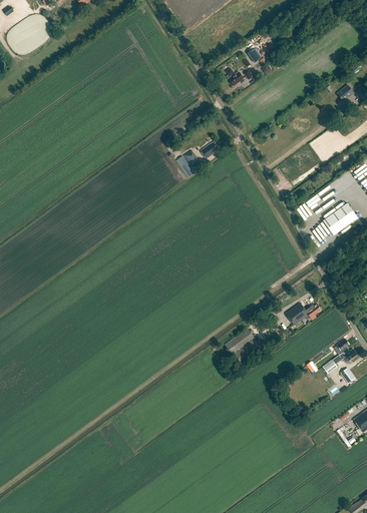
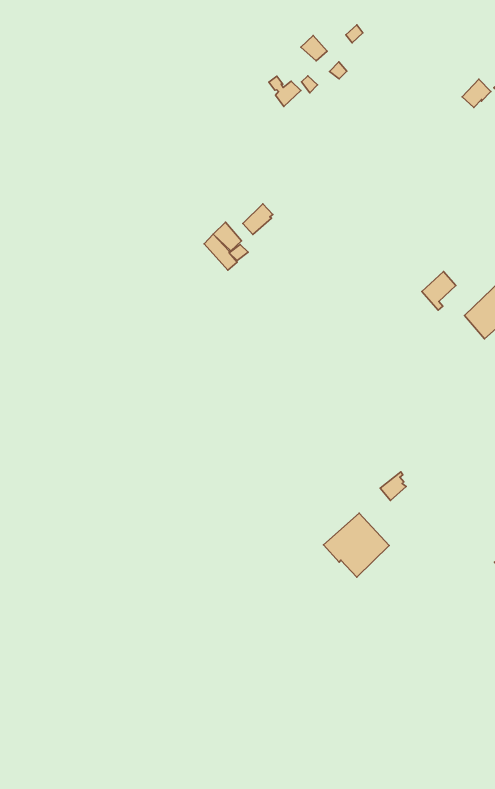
building: [286,303,321,326] -> none

